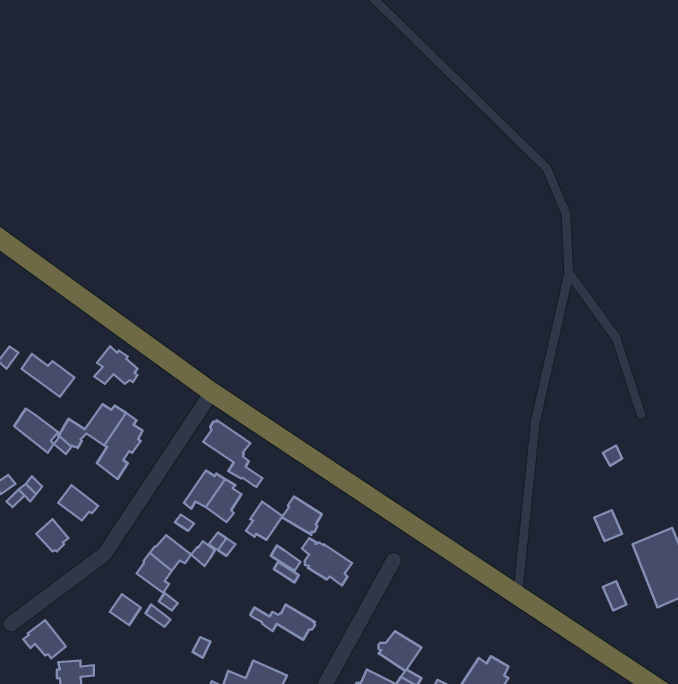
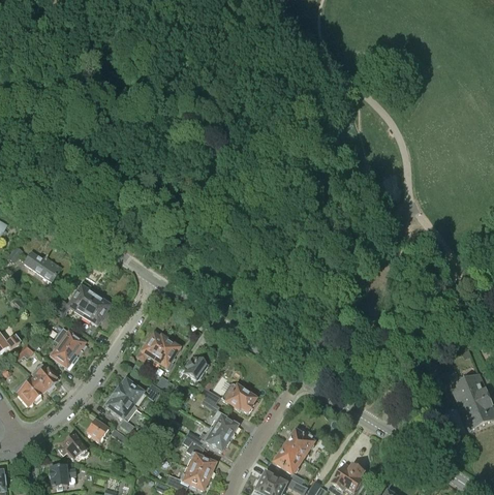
building: [94,346,138,384] -> none
building: [14,408,58,453] -> [55,327,86,358]
building: [203,420,262,487] -> none
building: [282,497,322,535] -> [210,412,238,439]
building: none -> [18,373,47,404]
building: none -> [286,429,317,457]
building: none -> [182,435,215,476]
building: [23,620,66,658] -> [59,434,89,461]

